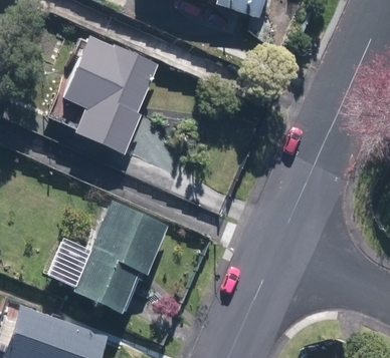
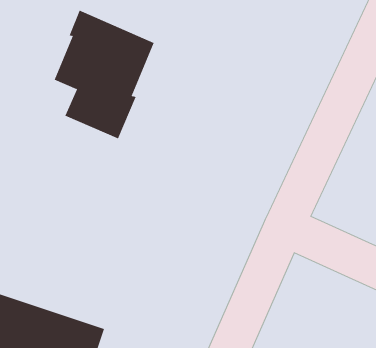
building: [67,201,166,317] -> none

